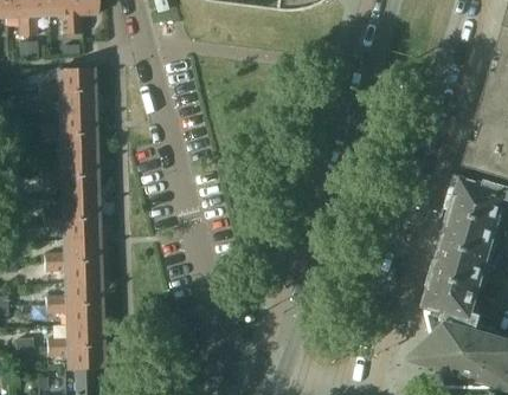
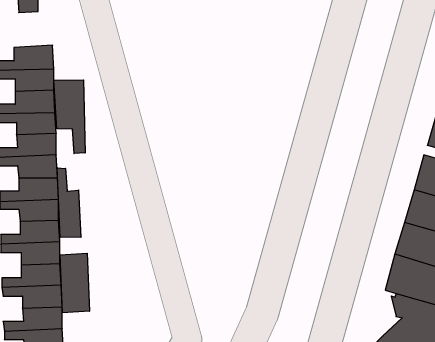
building: none -> [54,80,85,154]
building: none -> [57,168,81,238]
building: none -> [60,253,89,313]

